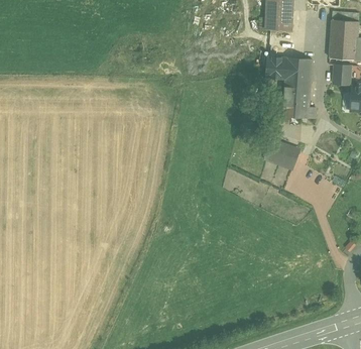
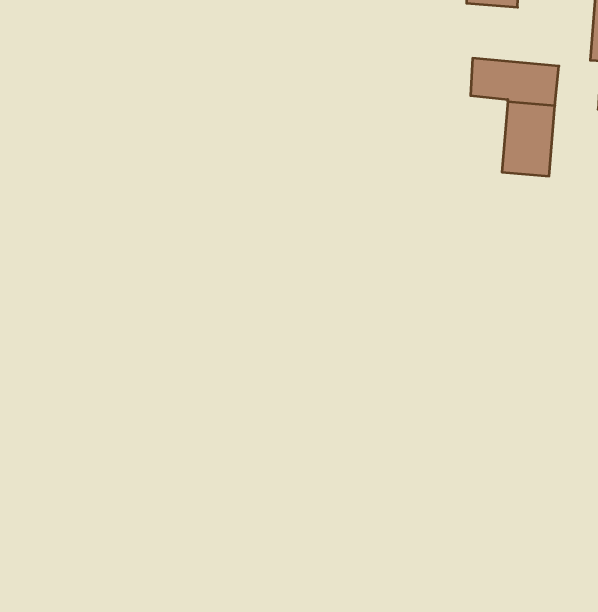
building: [264,141,297,168] -> none

